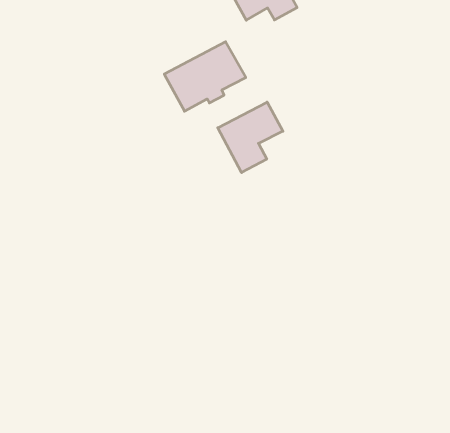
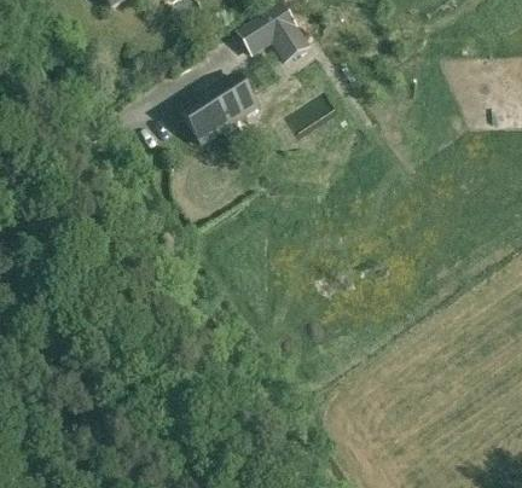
building: [218,102,283,173] -> none

